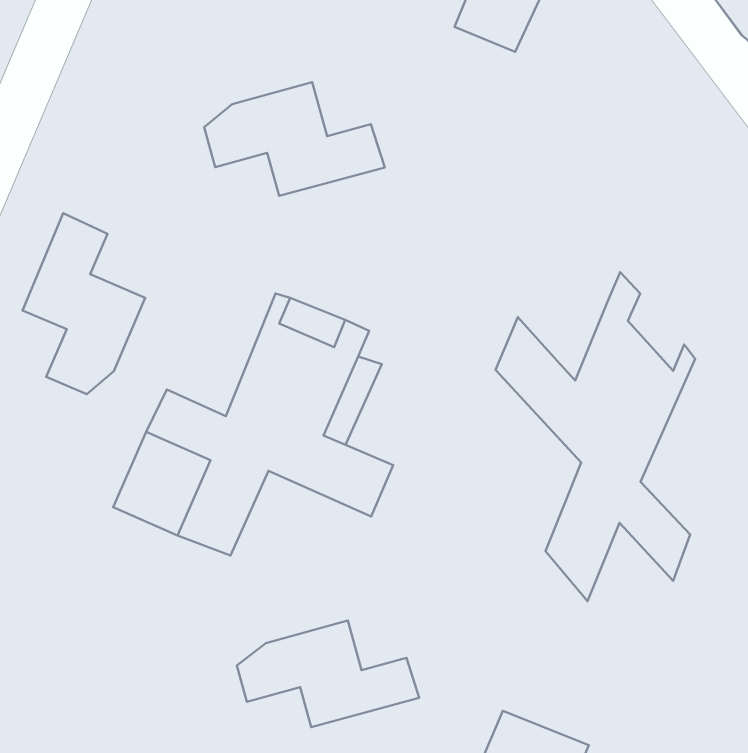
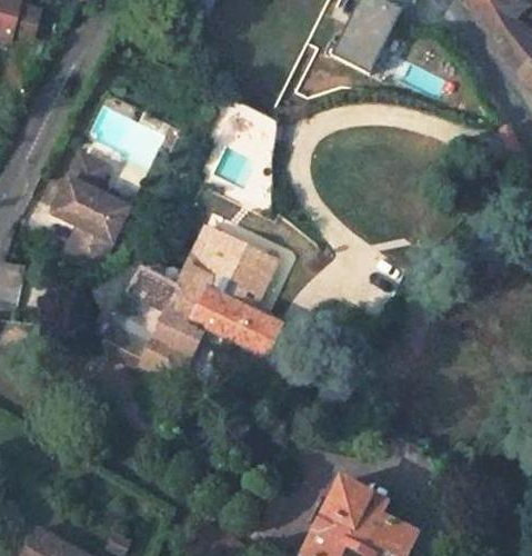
building: [204,82,385,196] -> none
building: [495,272,695,601] -> none
building: [237,620,419,727] -> none

